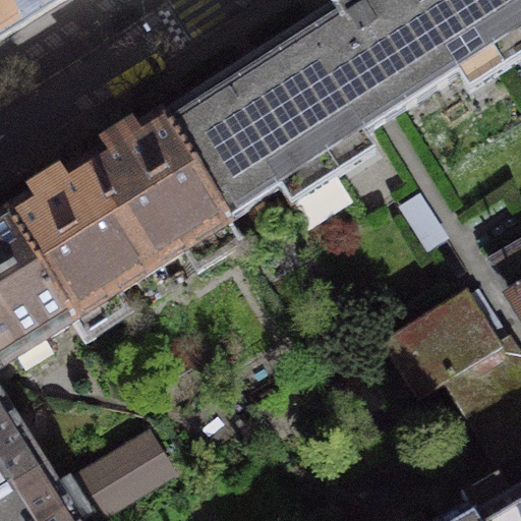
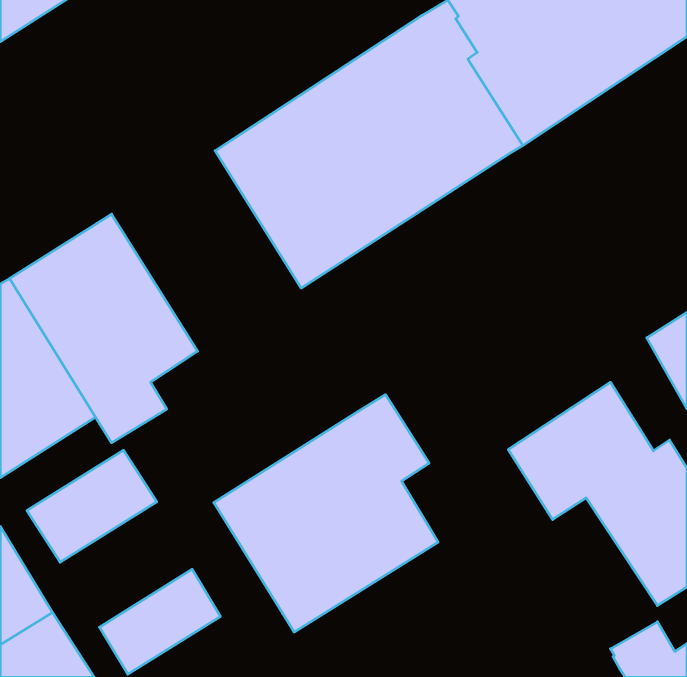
building: [84,114,240,266] -> none
building: none -> [214,395,438,632]
building: none -> [27,450,157,562]

